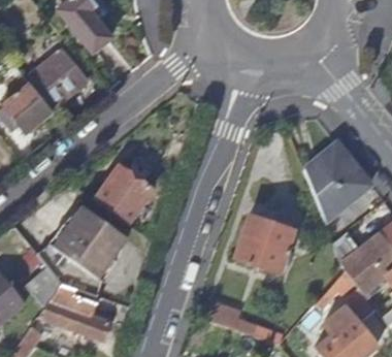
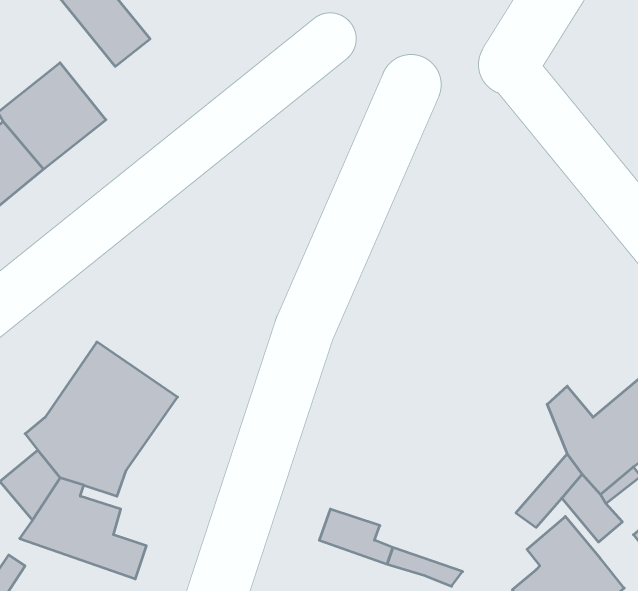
building: [306,142,371,221] -> none
building: [95,165,154,222] -> none
building: [236,216,294,271] -> none

